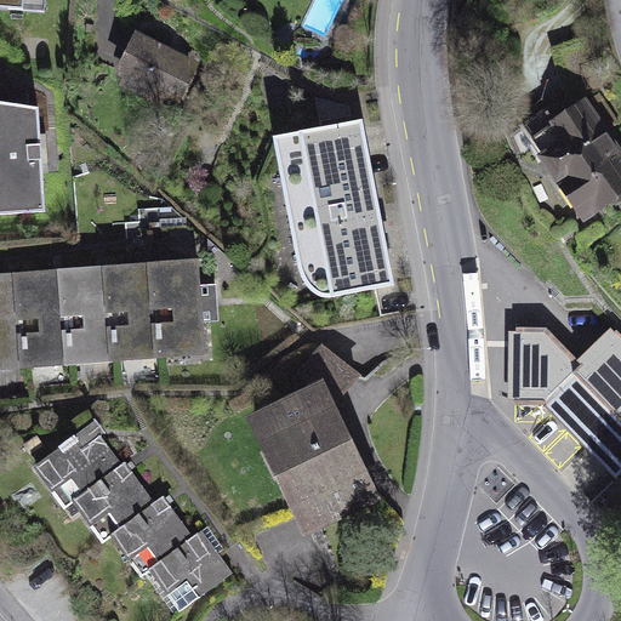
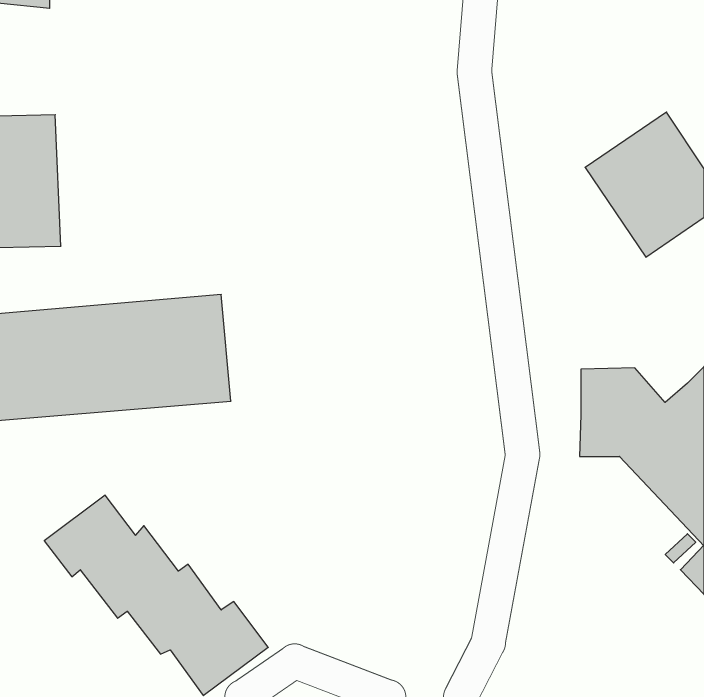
building: [115,30,217,112] -> none
building: [272,113,392,292] -> none
building: [240,343,376,534] -> none

